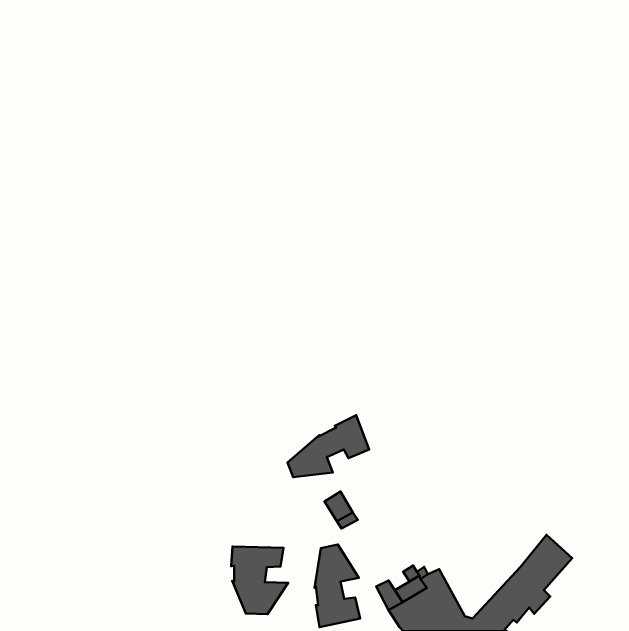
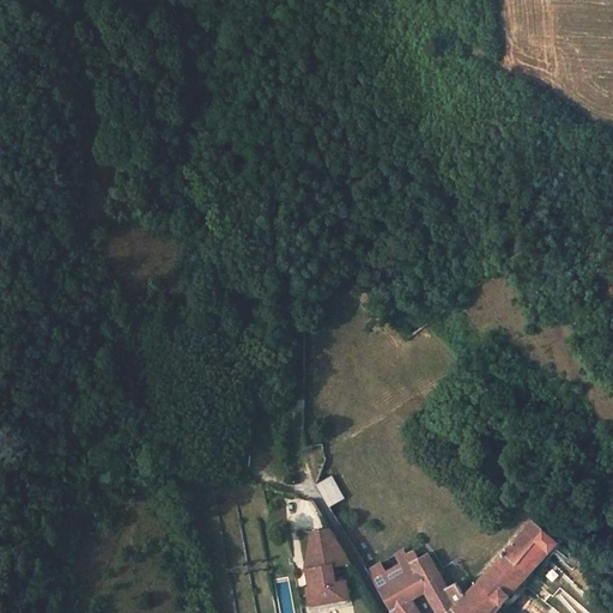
building: [288,415,369,477] -> none
building: [231,547,288,614] -> none

